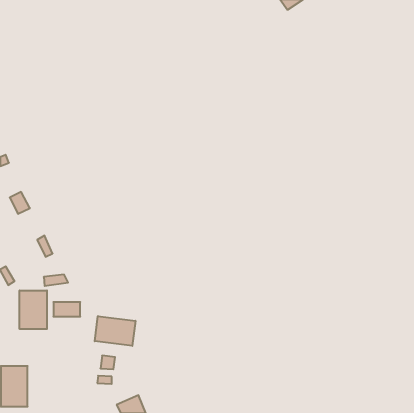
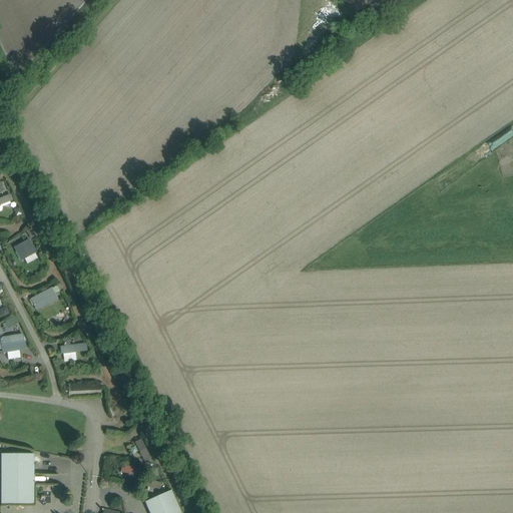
building: [20,290,47,329] -> none
building: [95,316,135,346] -> none

